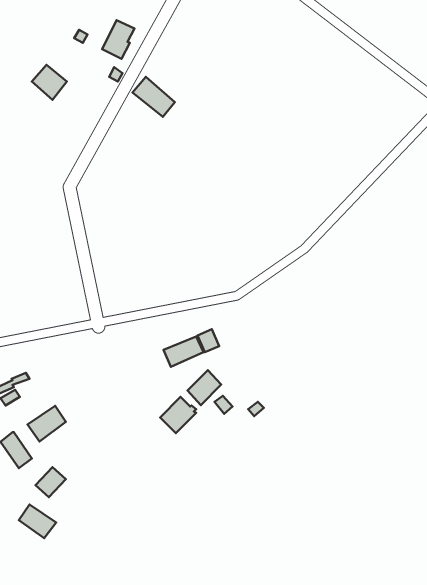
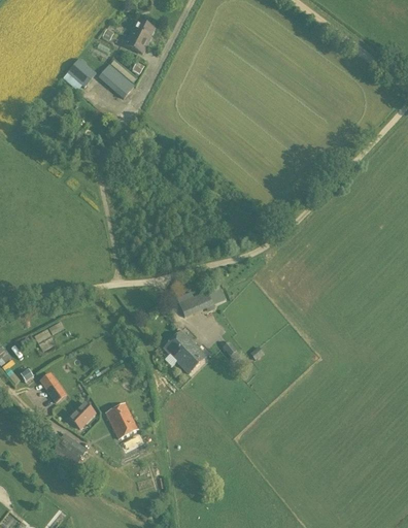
building: [133,77,175,117] -> [98,63,134,97]
building: [187,370,221,405] -> [164,329,193,359]
building: [27,406,66,442] -> none
building: none -> [105,402,137,437]

